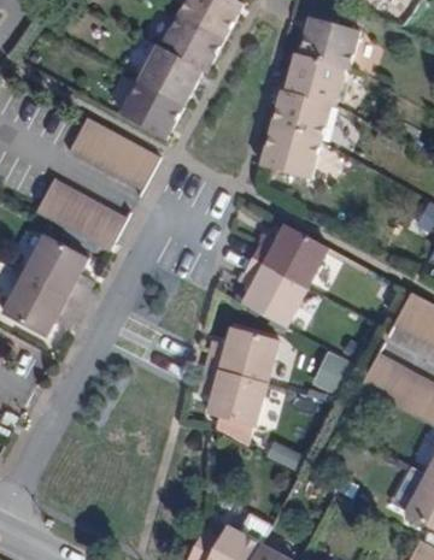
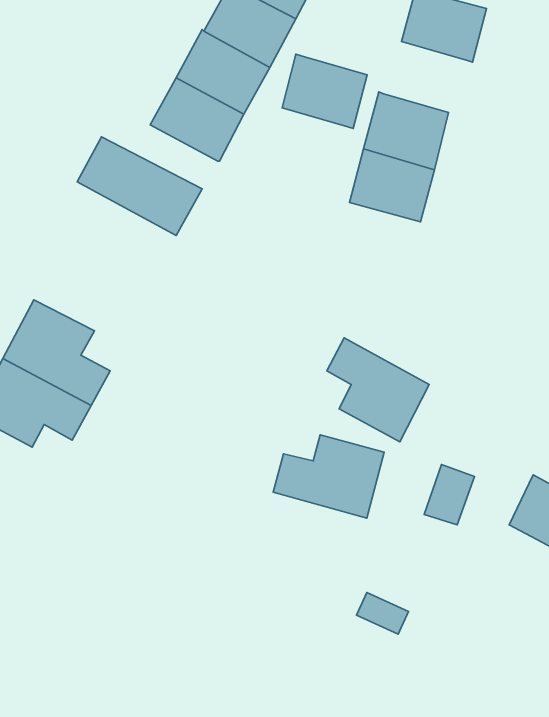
building: [281,53,340,105] -> [282,54,367,129]
building: [35,184,121,252] -> none
building: [254,230,335,293] -> none
building: [198,367,270,430] -> none

